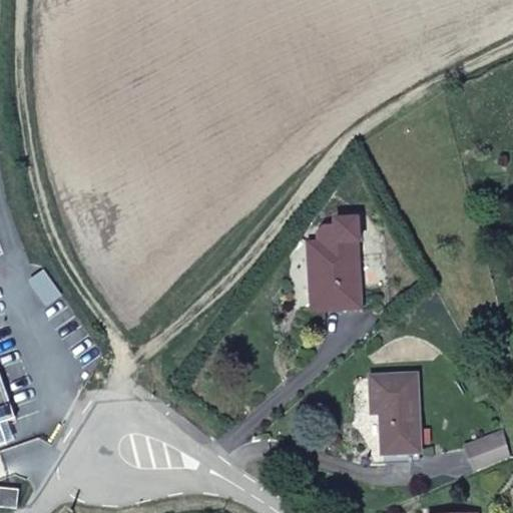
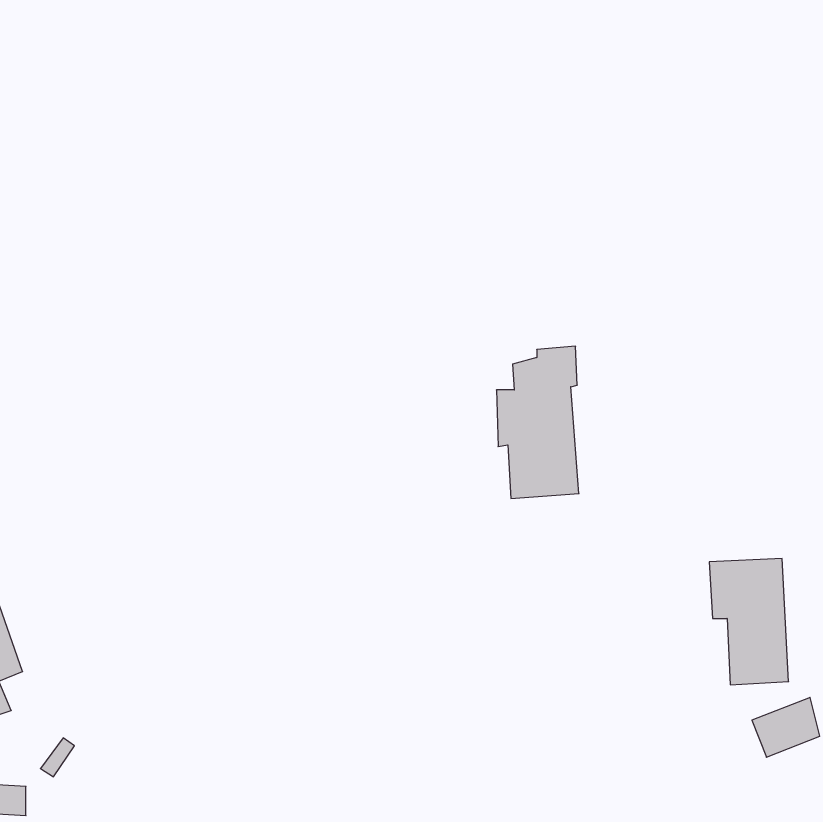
building: [369,374,418,452] -> [709,559,789,685]

